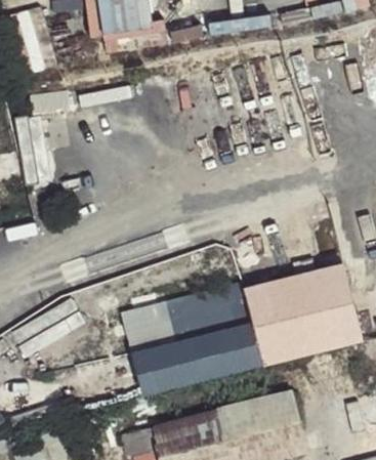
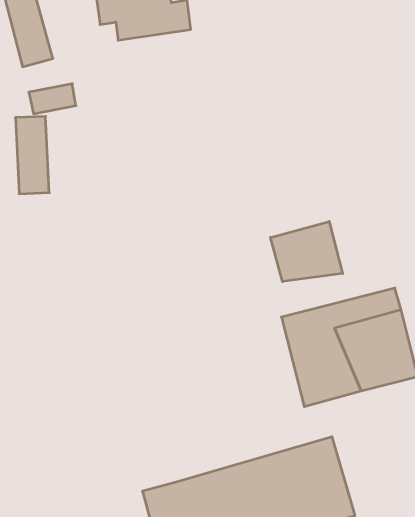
building: none -> [270,221,343,282]
building: [124,279,265,393] -> none

